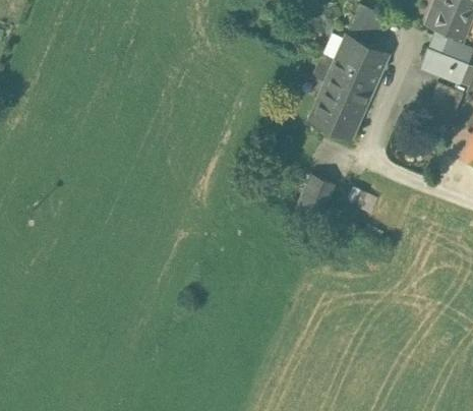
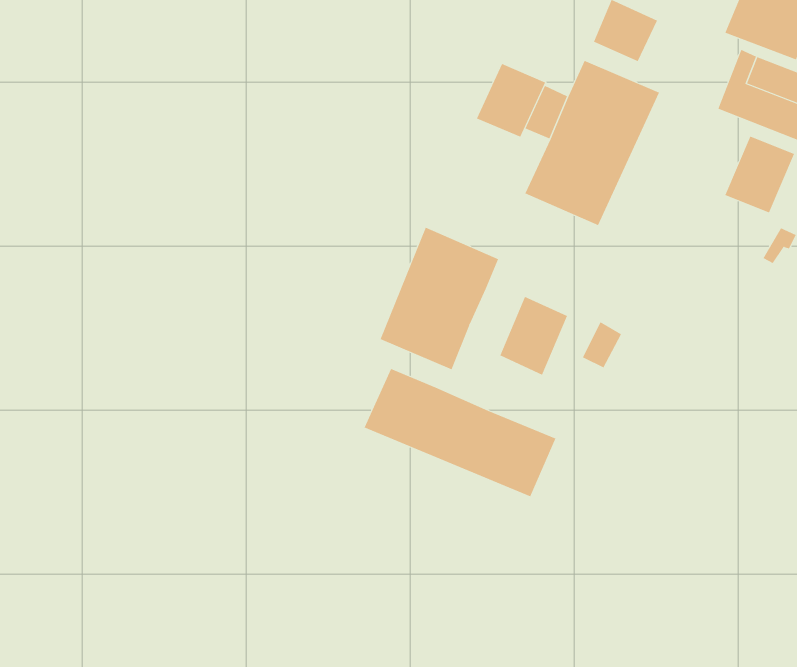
building: none -> [476,63,546,138]
building: none -> [380,227,499,370]
building: none -> [364,368,556,497]

